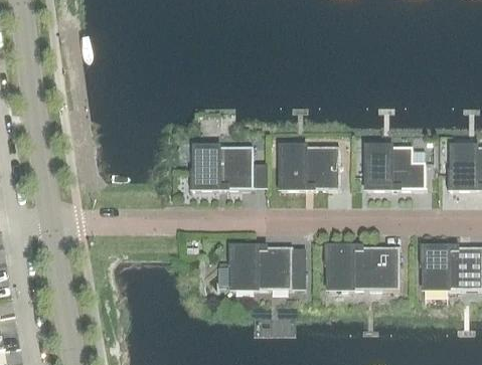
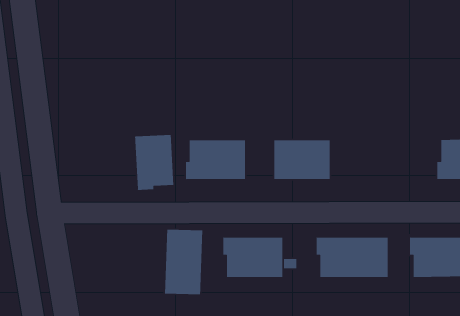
building: none -> [134,134,174,191]
building: [366,146,427,187] -> none
building: none -> [164,229,203,296]

